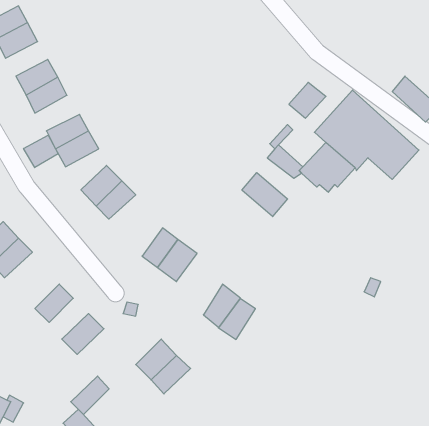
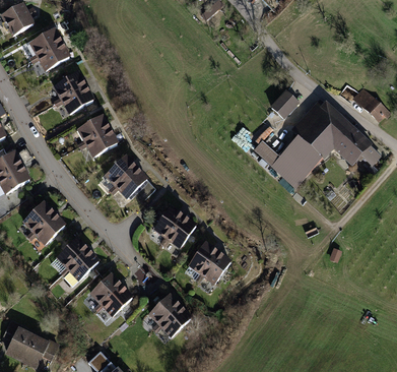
building: [24,135,58,168] -> none
building: [242,173,288,217] -> none
building: none -> [55,238,86,269]
building: [218,299,255,339] -> [187,242,216,274]
building: [71,376,109,414] -> [101,286,131,316]

